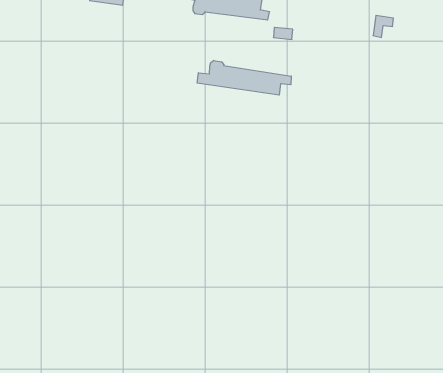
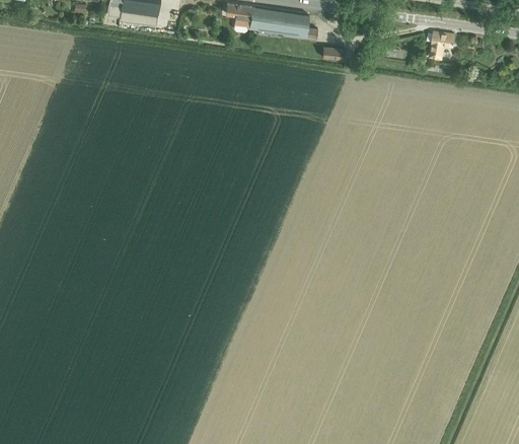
building: [197,60,291,95] -> none

